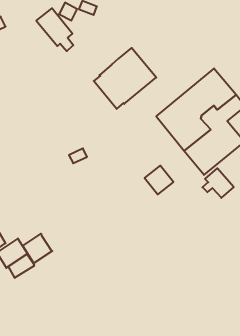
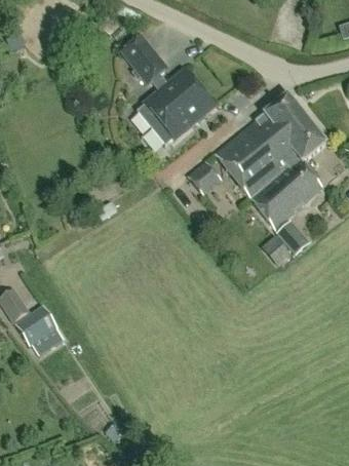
building: [36,8,73,51] -> [122,35,168,88]
building: [145,166,173,194] -> [188,158,224,194]
building: [23,234,52,263] -> none

